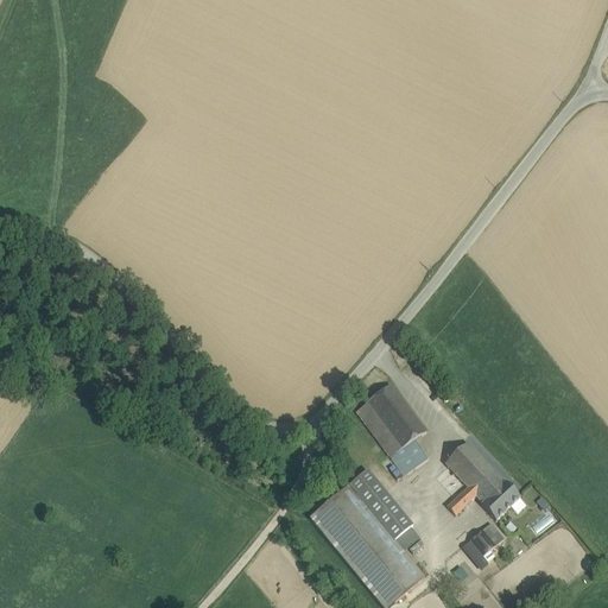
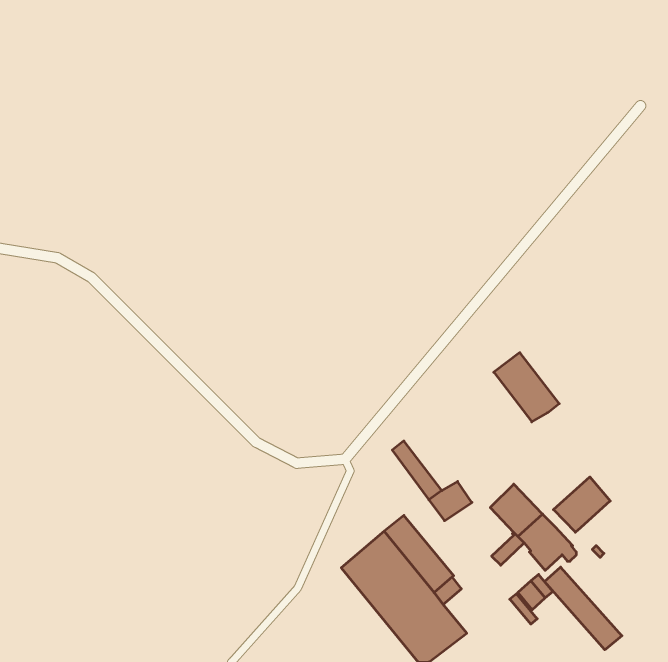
building: [367,382,426,445] -> [494,353,559,422]
building: none -> [553,477,610,532]
building: none -> [545,567,622,650]

